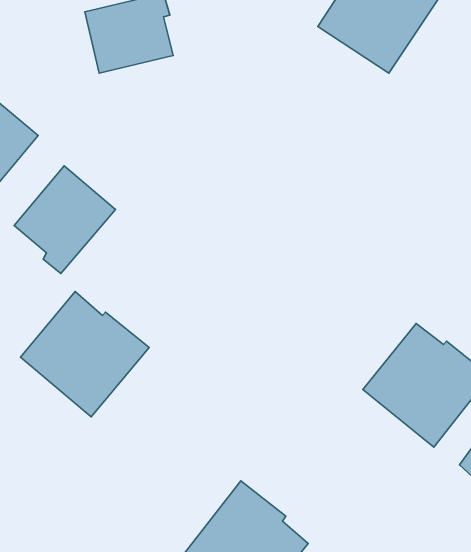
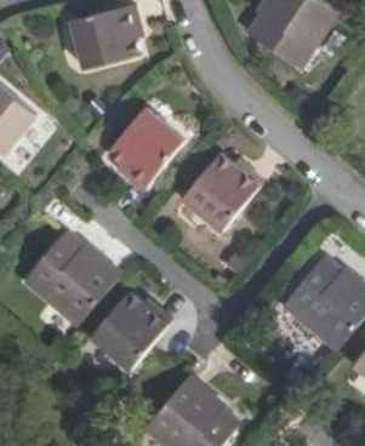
building: [14,166,116,274] -> [107,107,183,188]
building: none -> [184,153,263,229]
building: none -> [91,293,172,371]

